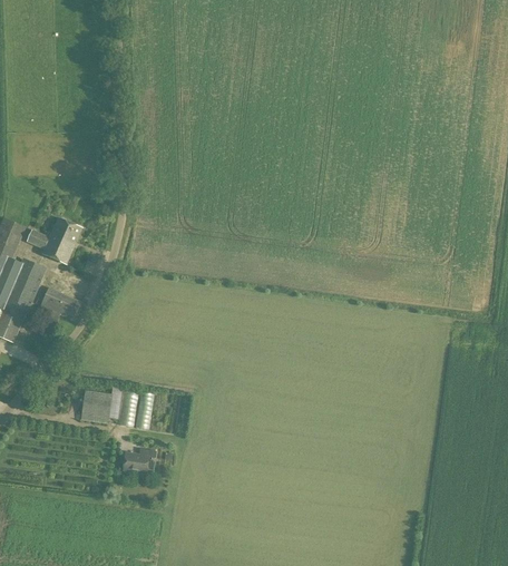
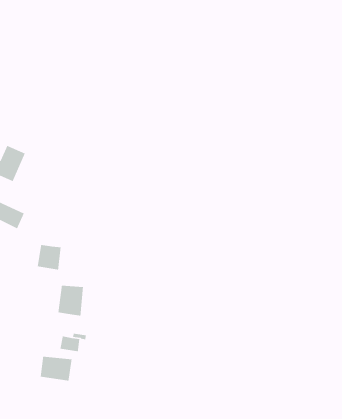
building: [80,391,110,423] -> [37,244,61,270]
building: none -> [40,356,72,381]

